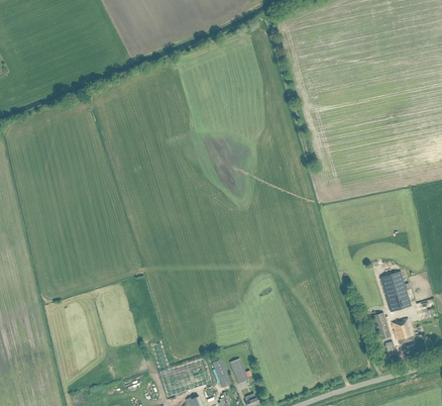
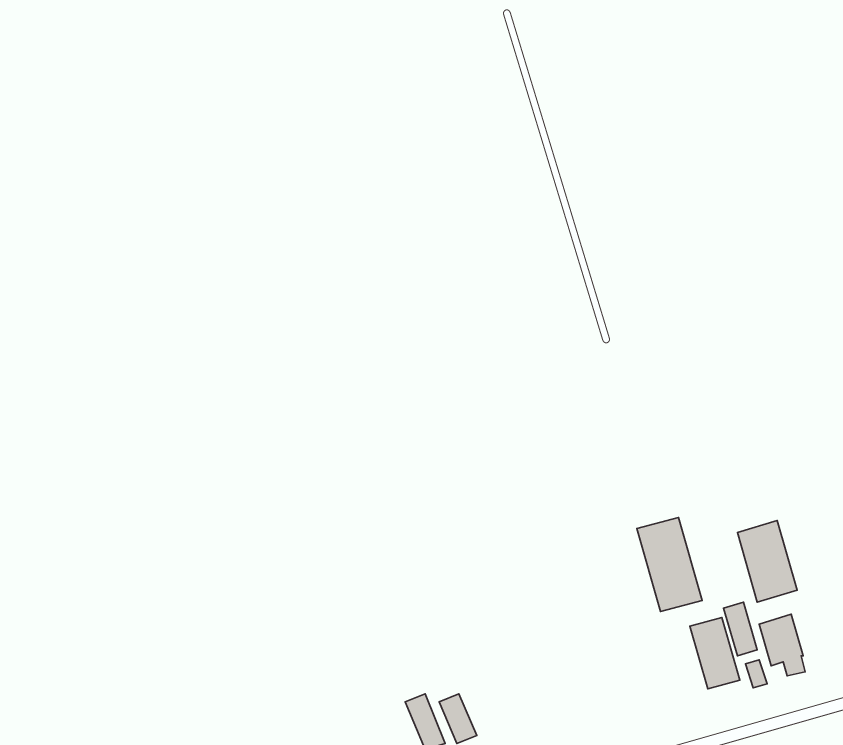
building: none -> [637,517,702,612]
building: none -> [690,618,740,689]

